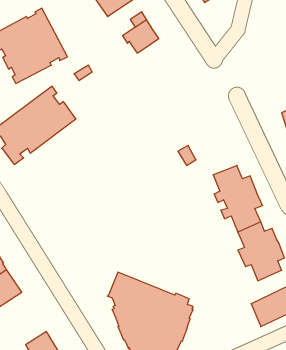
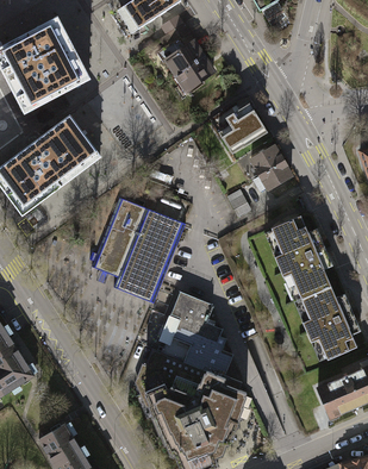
building: none -> [174,57,214,92]
building: none -> [219,104,268,154]
building: none -> [251,146,292,189]
building: none -> [89,198,186,304]
building: none -> [162,292,233,377]

